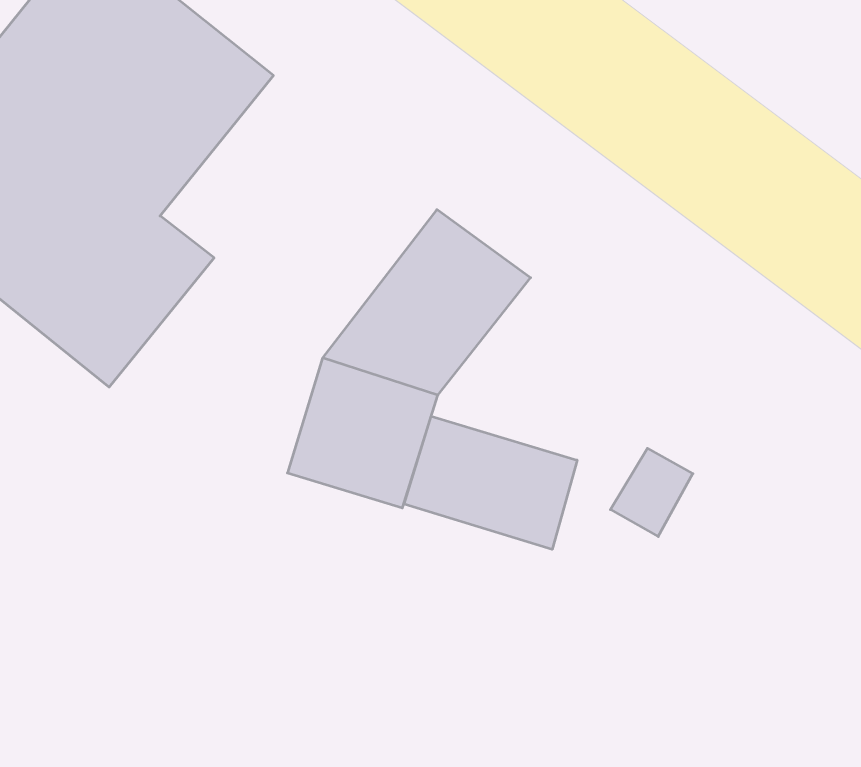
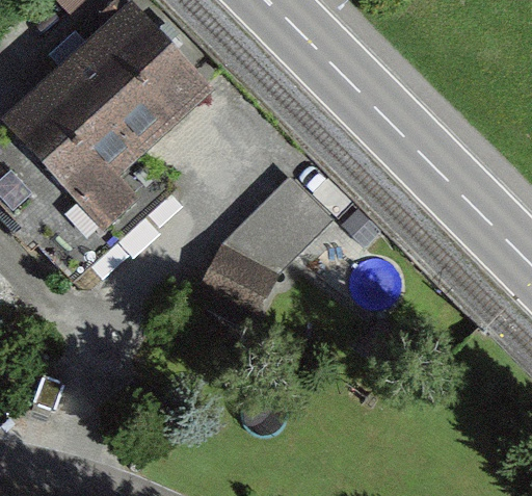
building: [404,416,577,549] -> none

